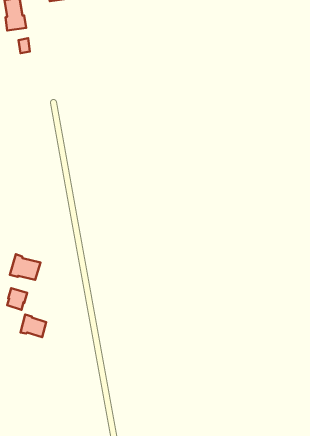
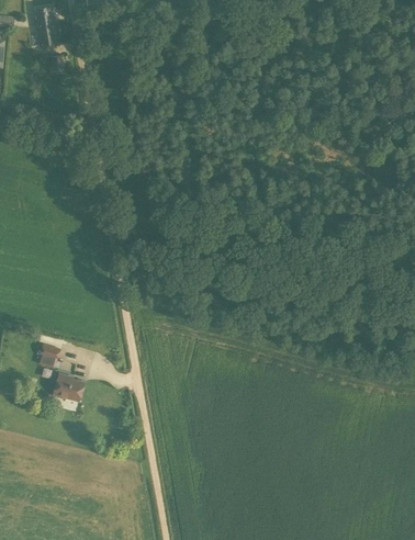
building: [10,254,41,280] -> none

